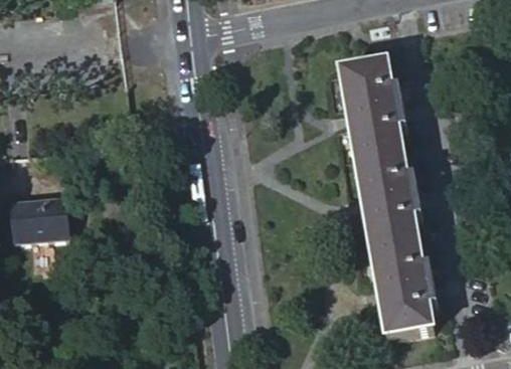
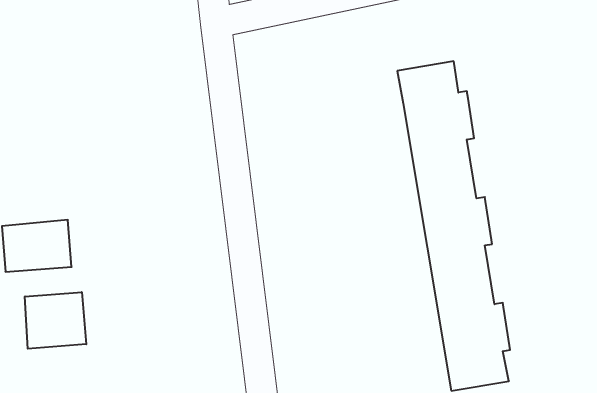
building: none -> [25,292,86,349]

